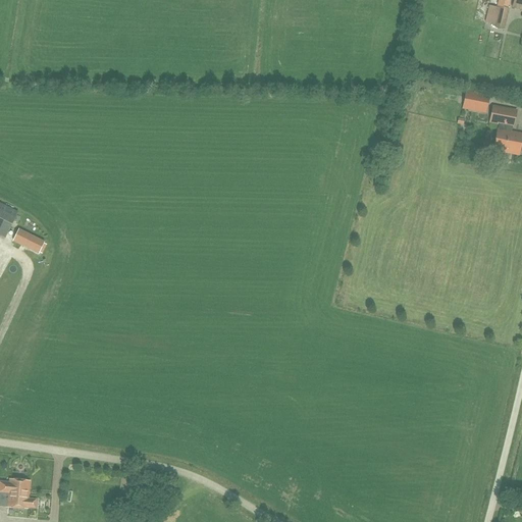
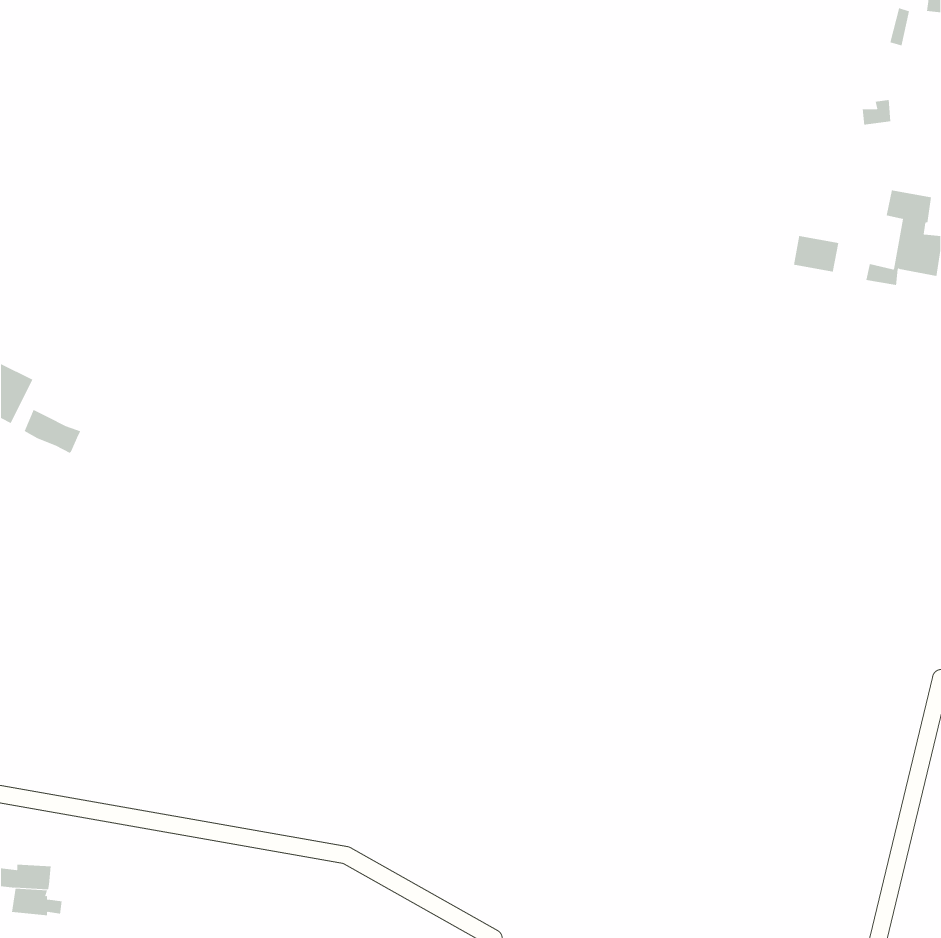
building: [463,90,488,110] -> [793,235,839,272]

